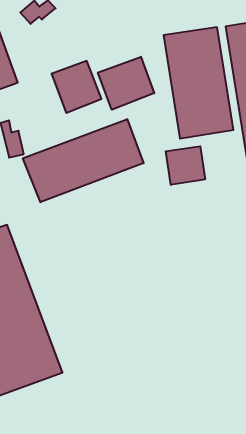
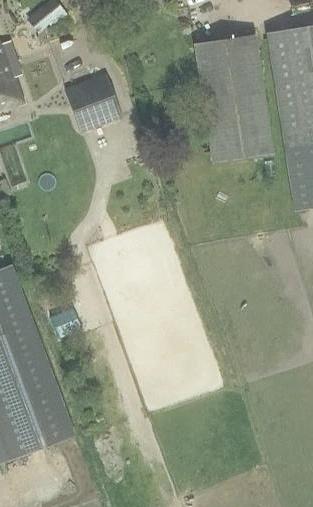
building: [98,57,154,110] -> none
building: [23,119,144,202] -> none
building: [166,146,205,185] -> none

